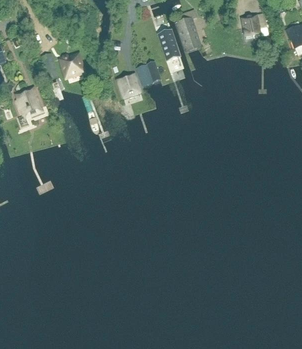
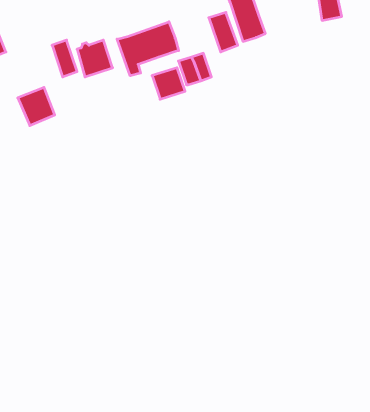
building: none -> [117,22,179,76]

